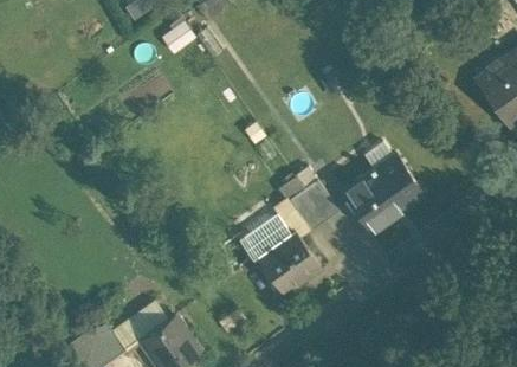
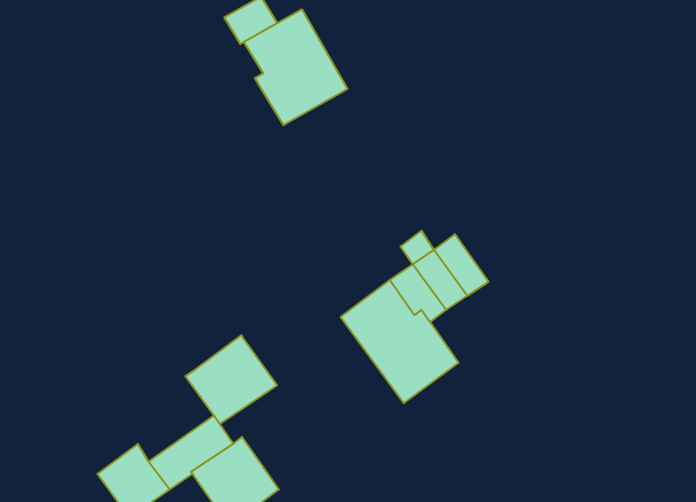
building: none -> [244,9,347,125]
building: [341,155,421,232] -> none
building: none -> [185,335,277,424]

